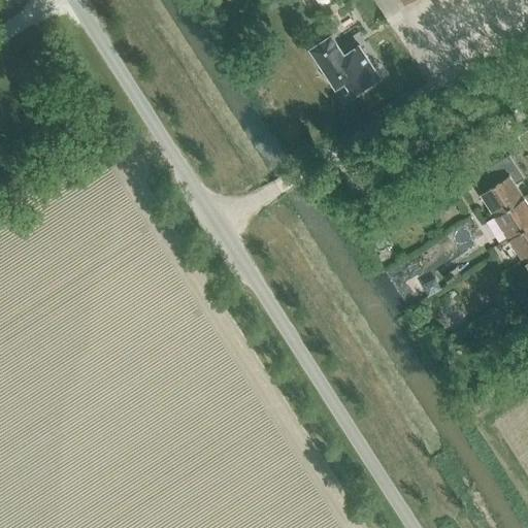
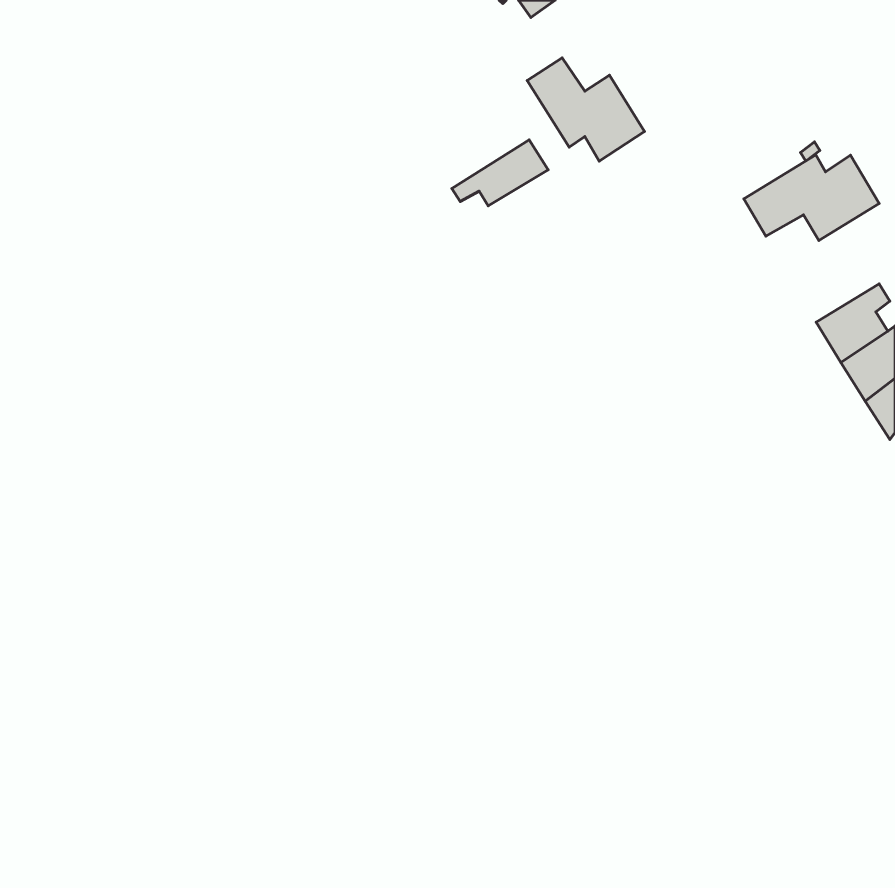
building: none -> [452,140,548,206]
building: none -> [744,155,879,241]

